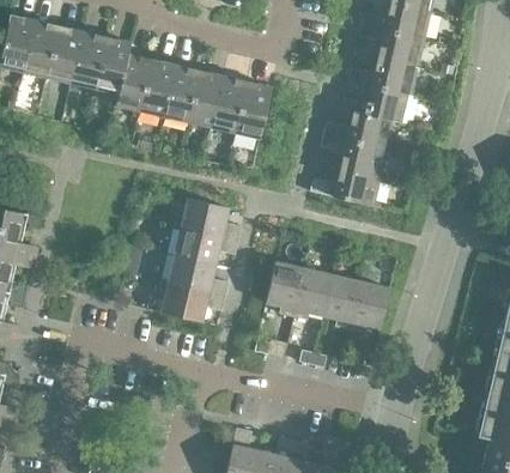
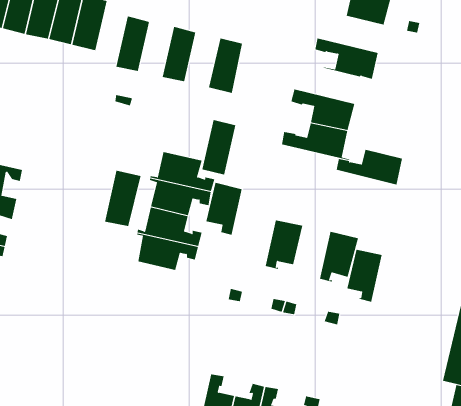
building: [116,53,151,110] -> none
building: [347,57,417,96] -> none
building: [163,62,199,121] -> none
building: [211,73,247,132] -> [202,118,236,175]
building: [323,111,393,148] -> [336,149,403,185]
building: none -> [105,170,141,227]
building: [266,261,304,316] -> [206,182,243,235]
building: [323,274,360,329] -> [347,249,382,302]

